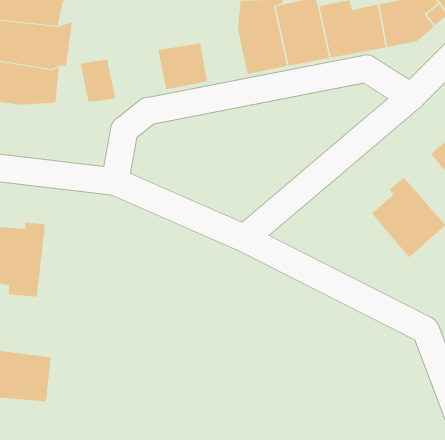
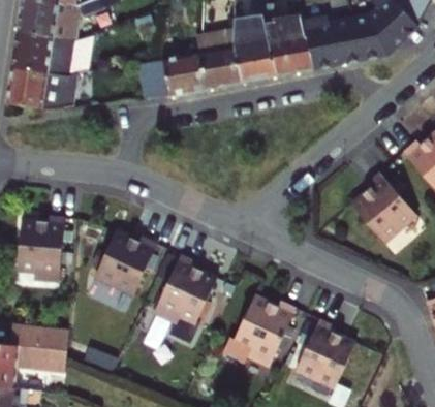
building: none -> [197,29,242,89]
building: [80,59,116,102] -> [138,61,170,99]
building: none -> [93,231,156,295]
building: none -> [152,255,216,324]
building: none -> [221,296,297,368]
building: none -> [294,319,355,388]

